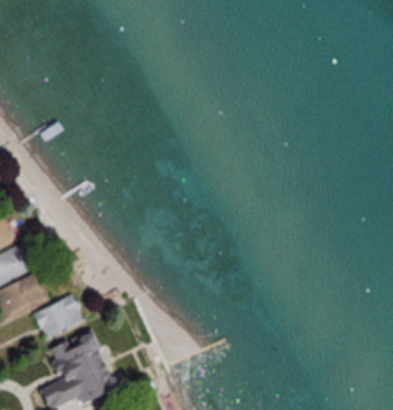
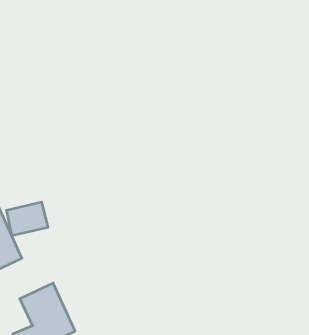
building: [37,298,86,336] -> [6,202,48,236]

